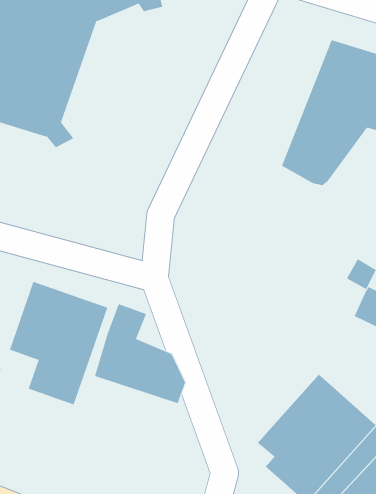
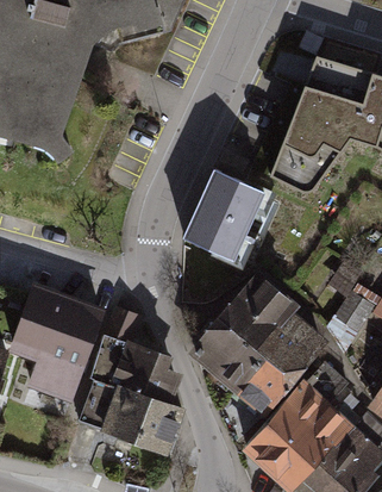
building: none -> [180,168,276,268]
building: none -> [190,273,333,416]
building: none -> [77,375,184,456]

